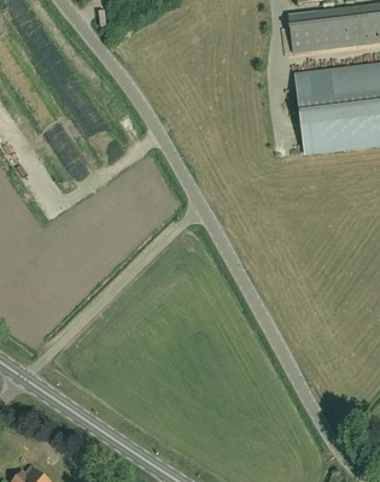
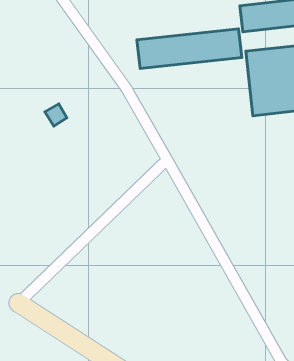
building: none -> [137,29,242,68]

